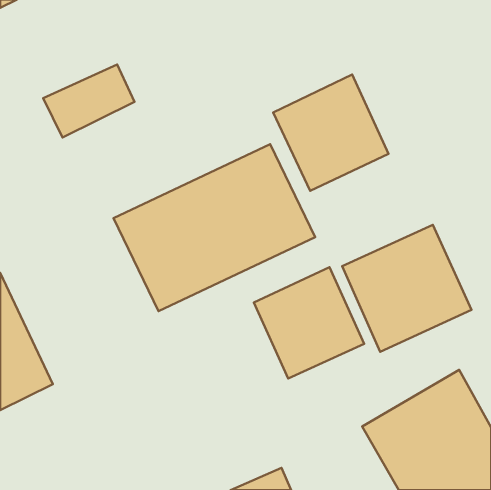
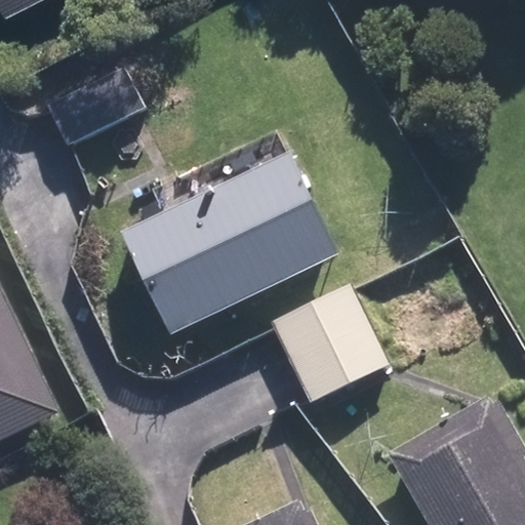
building: [273,75,389,191] -> none
building: [342,225,472,352] -> none

